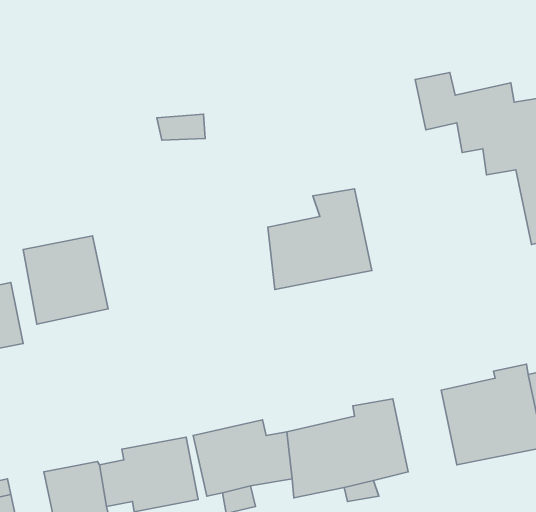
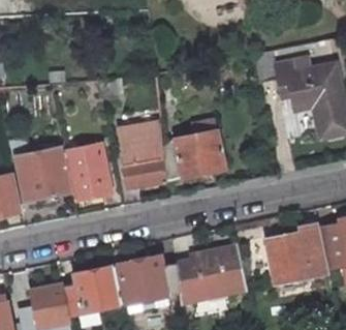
building: none -> [120,121,166,188]
building: none -> [62,145,104,201]

